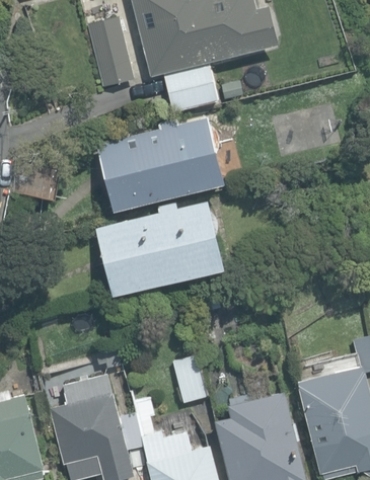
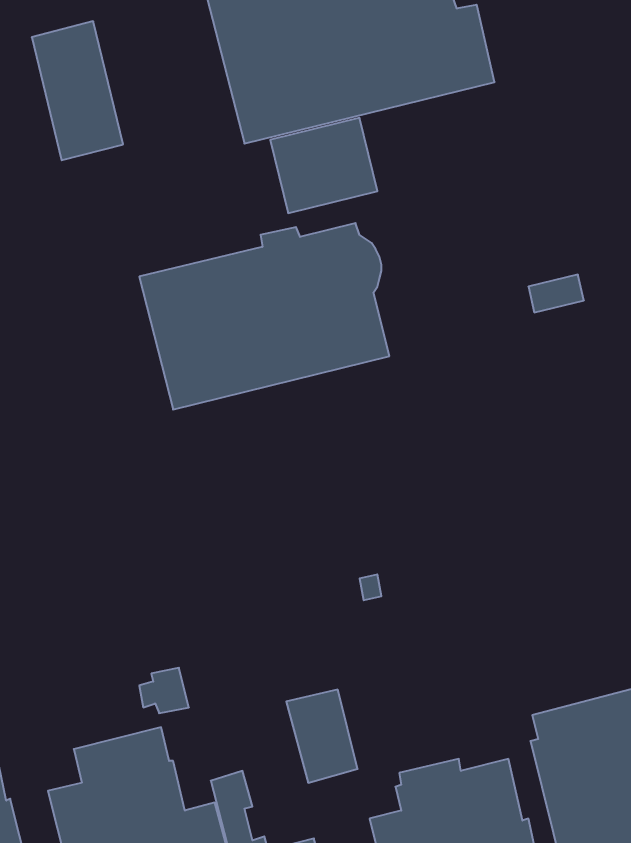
building: [87,16,134,87] -> [32,21,123,160]
building: [96,201,224,296] -> none

